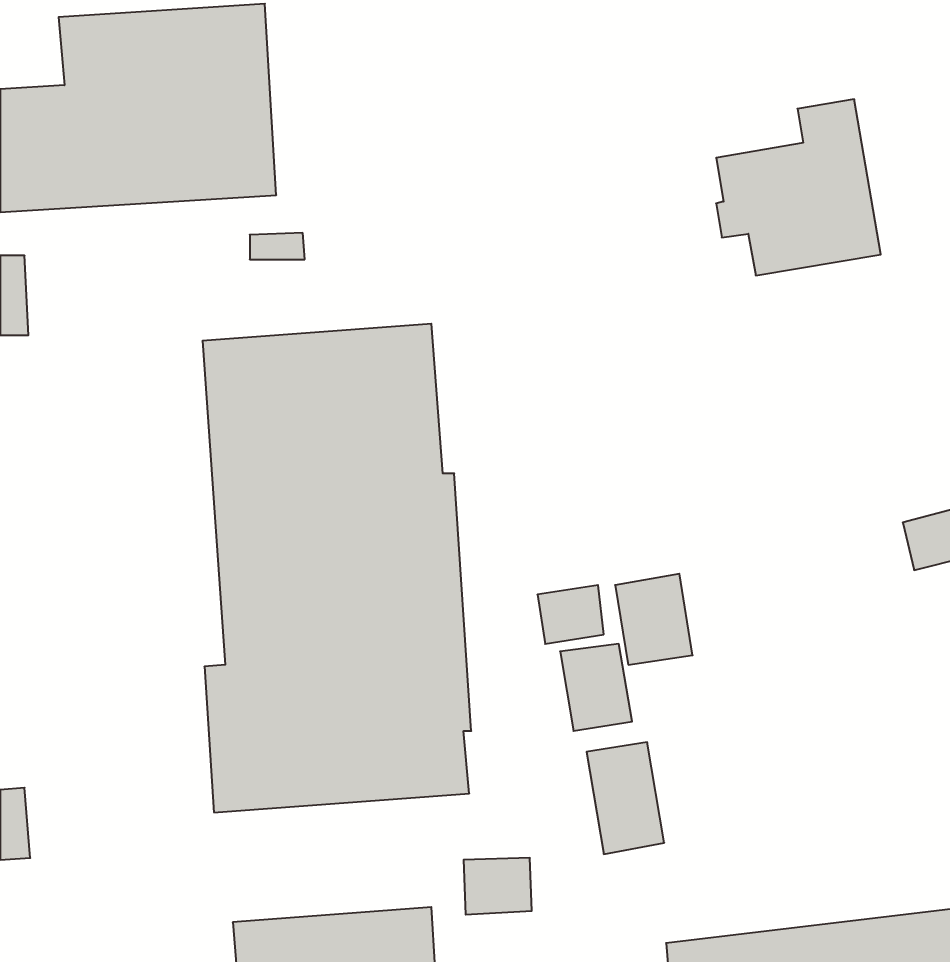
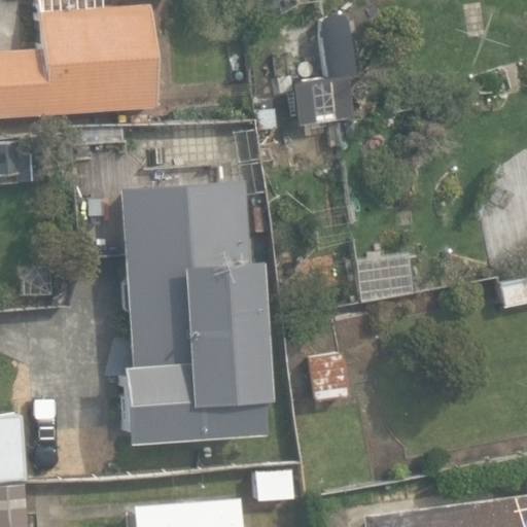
building: [716,99,881,275] -> [280,25,370,120]

